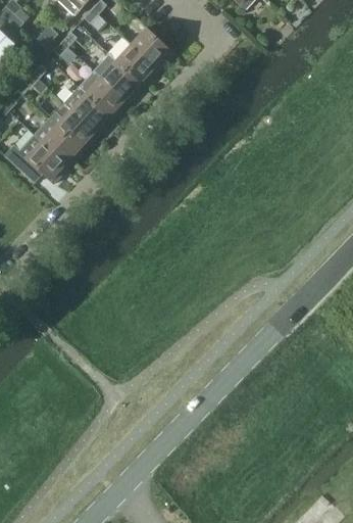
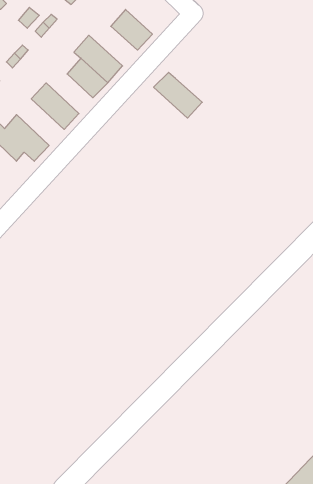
building: [107,39,157,86] -> [154,72,202,118]
building: [63,88,111,135] -> none
building: [33,120,82,168] -> none

